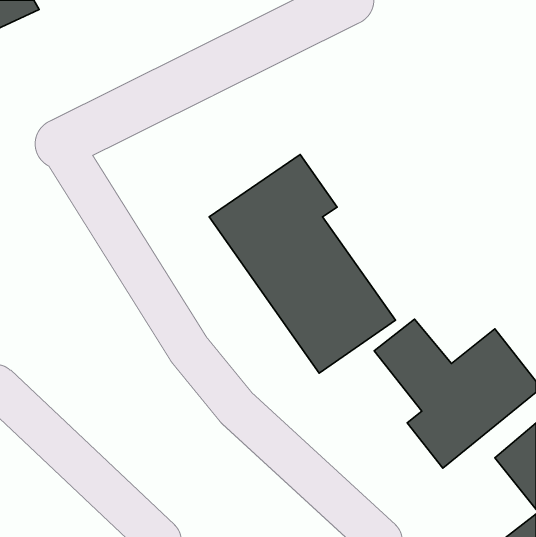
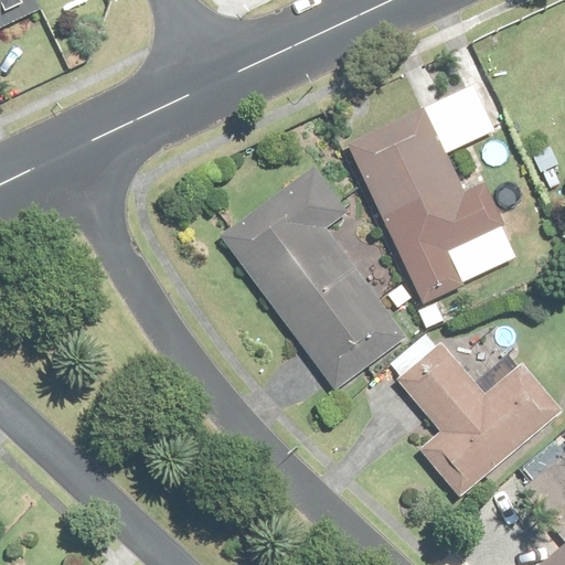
building: none -> [345,83,505,303]

